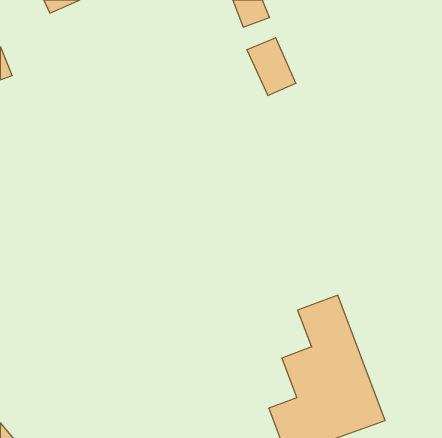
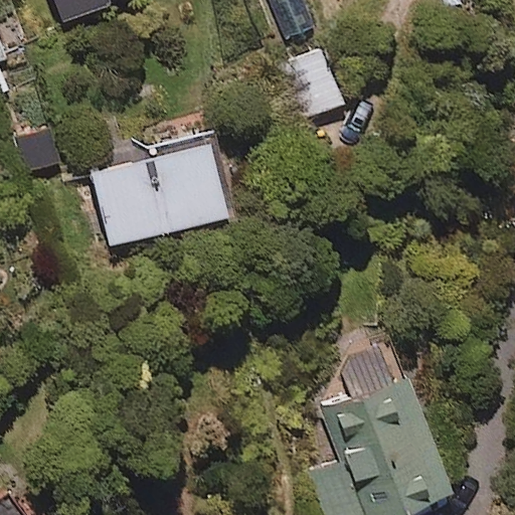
building: none -> [89,137,227,244]

